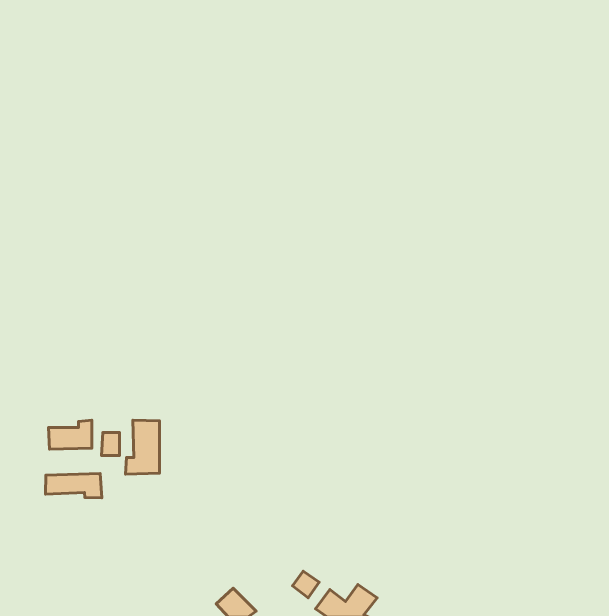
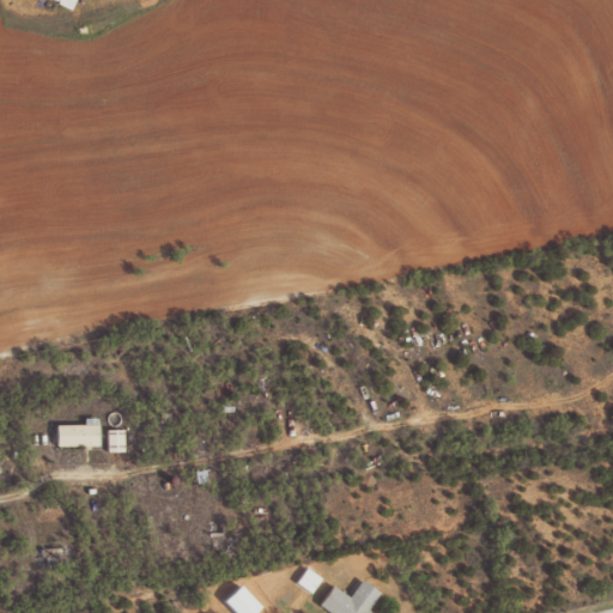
building: [126,420,159,474] -> none
building: [45,474,102,498] -> none

